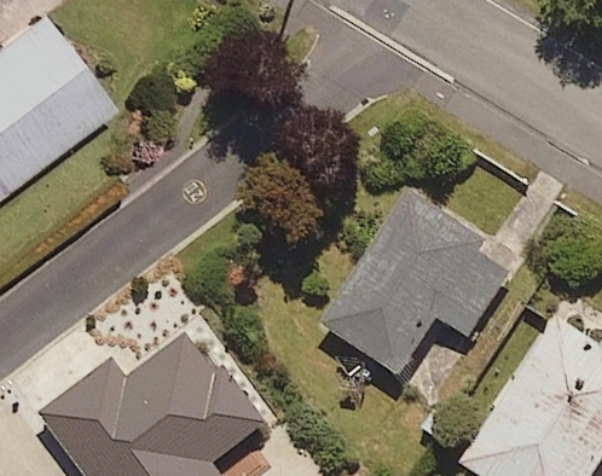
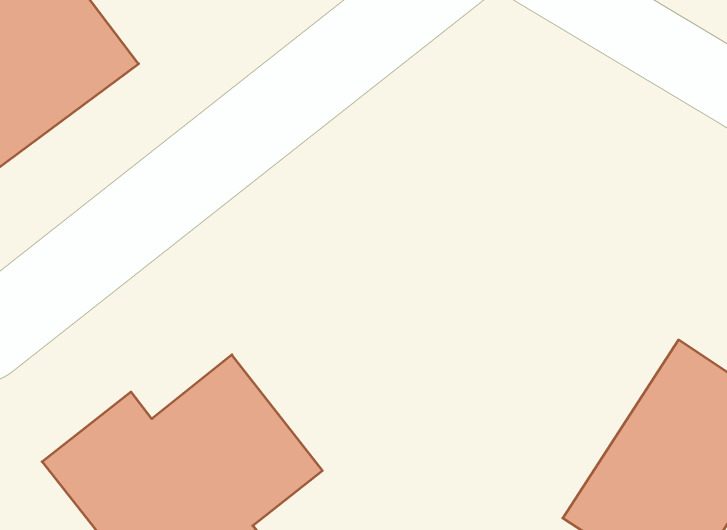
building: [319,192,514,377] -> none

